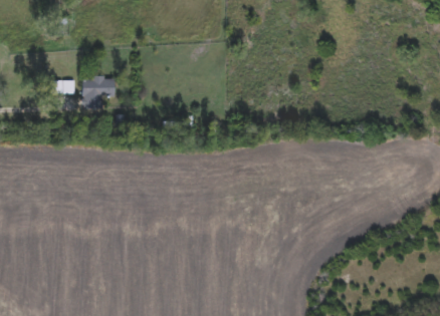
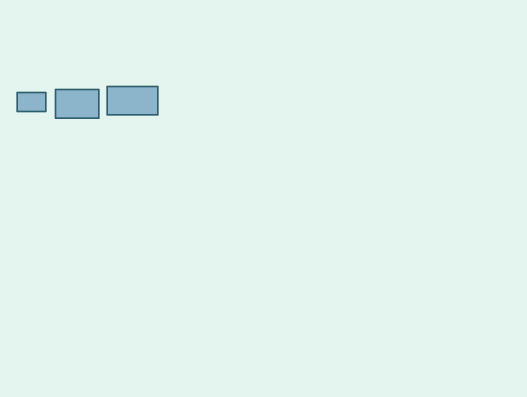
building: none -> [107,87,158,115]

